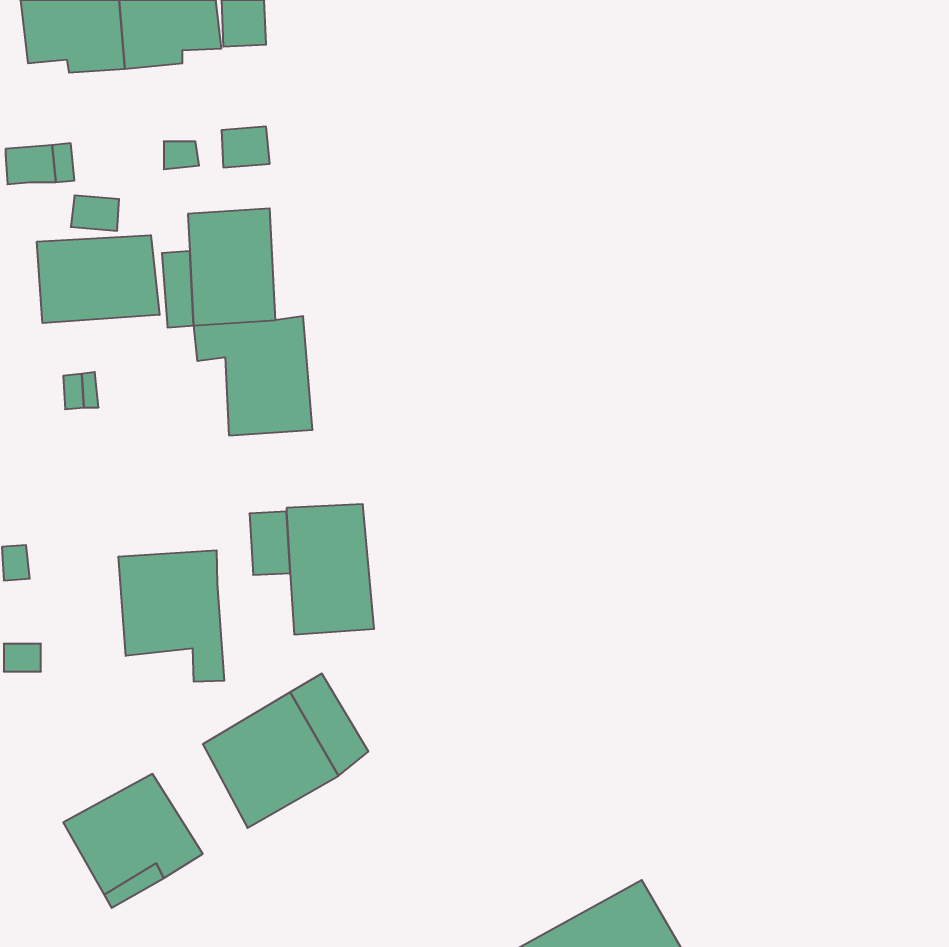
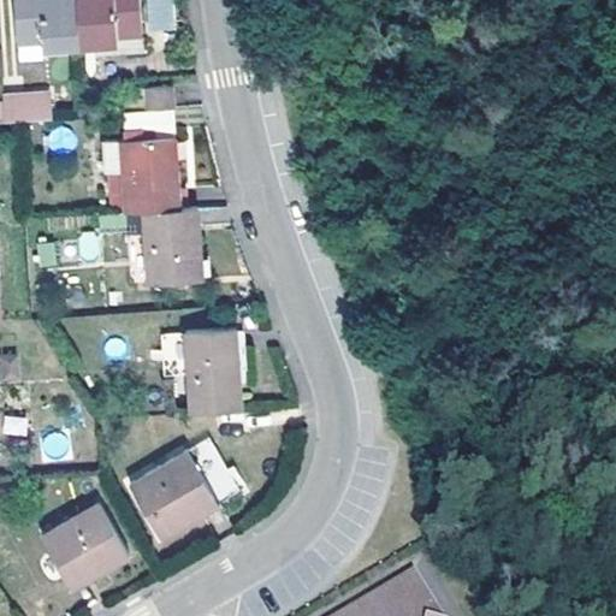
building: [37,235,160,323] -> none
building: [118,550,224,682] -> none

